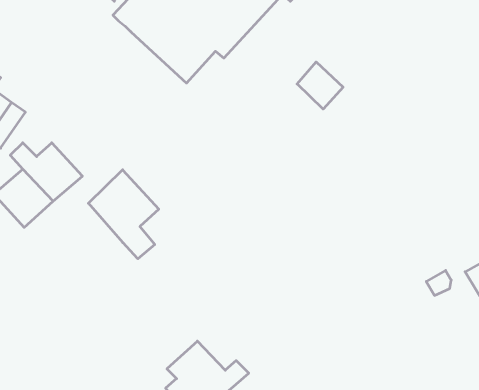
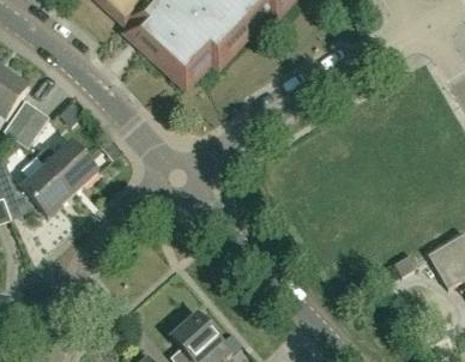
building: [297,62,343,109] -> none
building: [88,170,159,259] -> none

